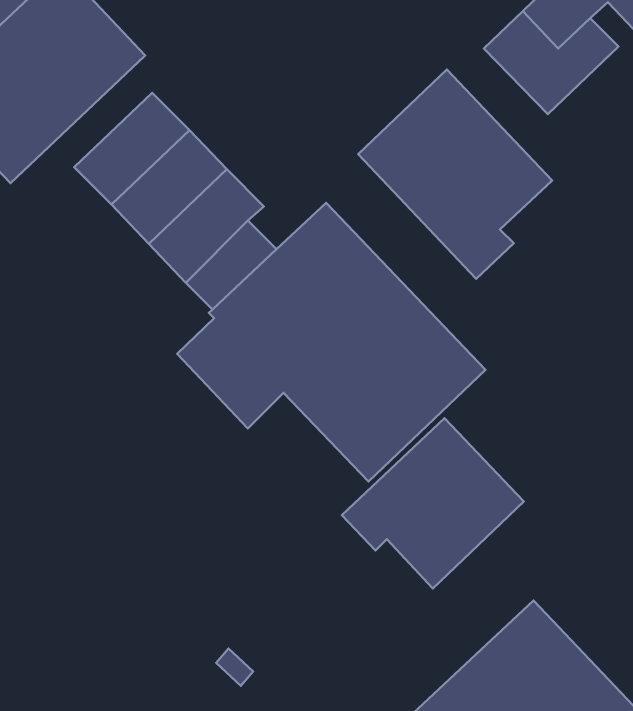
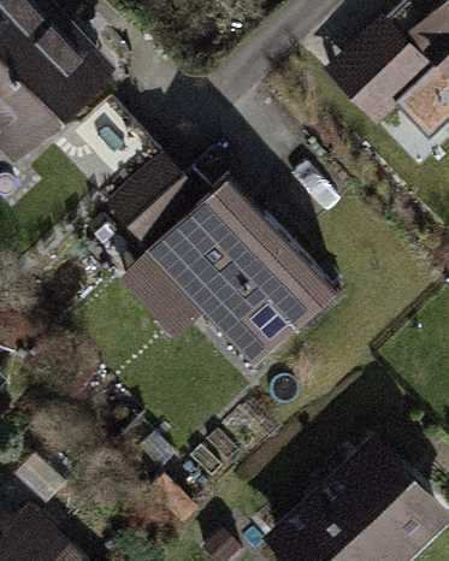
building: [358,70,552,279] -> none
building: [342,418,524,588] -> none

